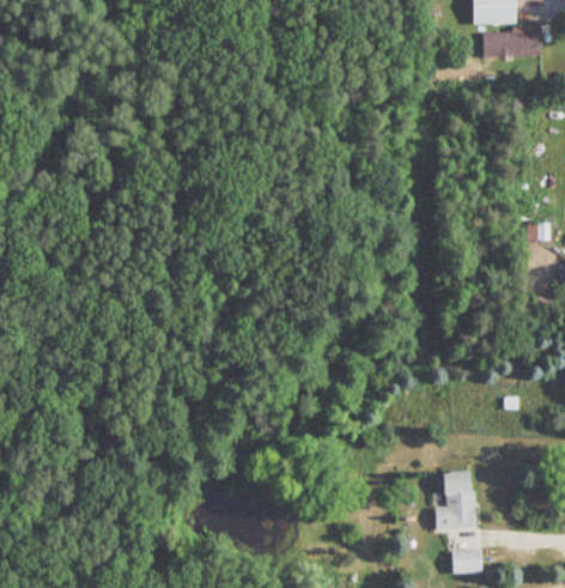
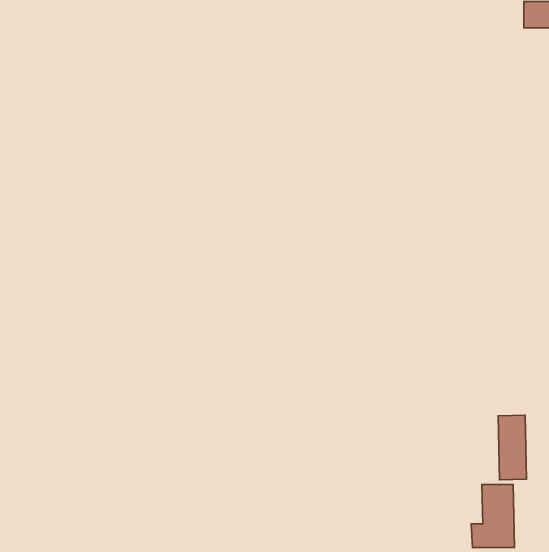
building: none -> [498,415,526,480]

